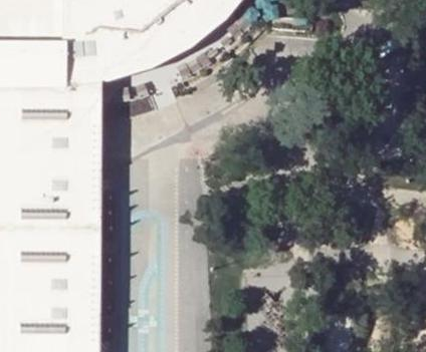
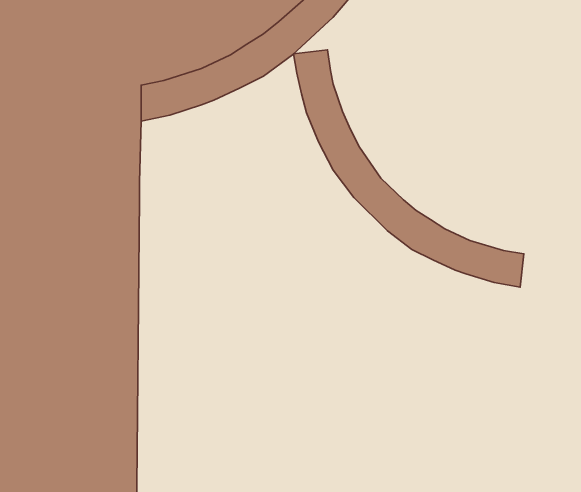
building: none -> [294,50,524,287]

